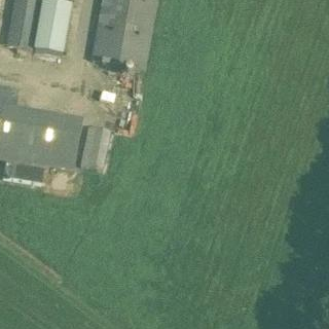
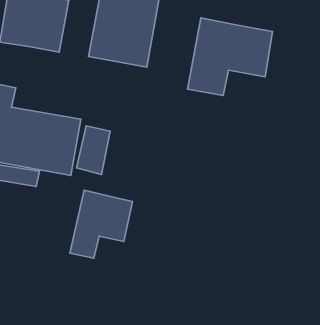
building: none -> [188,18,273,95]
building: none -> [70,190,132,258]

